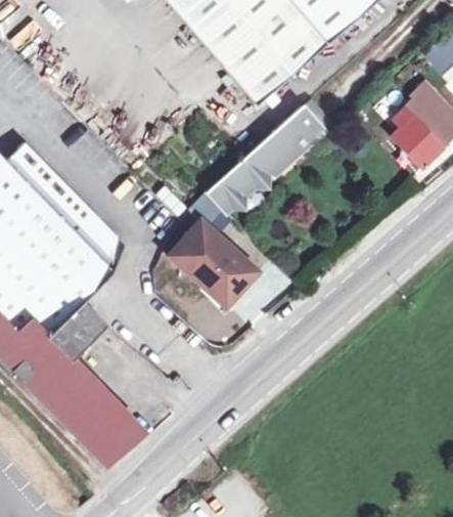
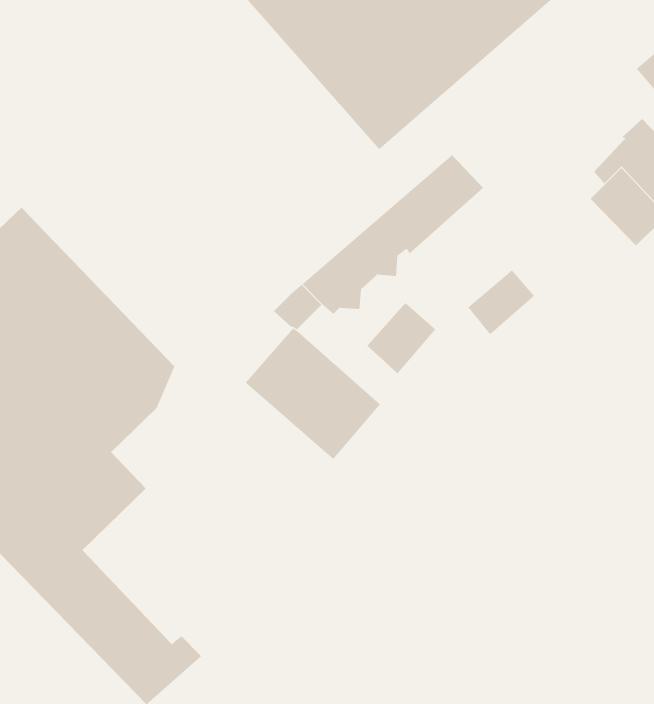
building: none -> [467,270,535,335]
building: none -> [367,302,436,374]

